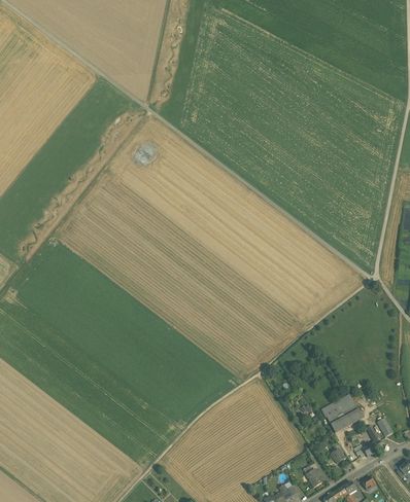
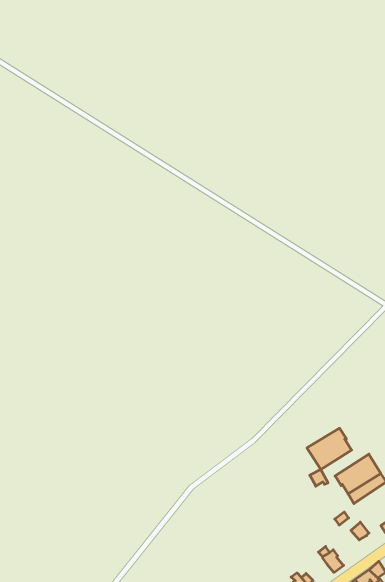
building: none -> [307,428,352,469]

